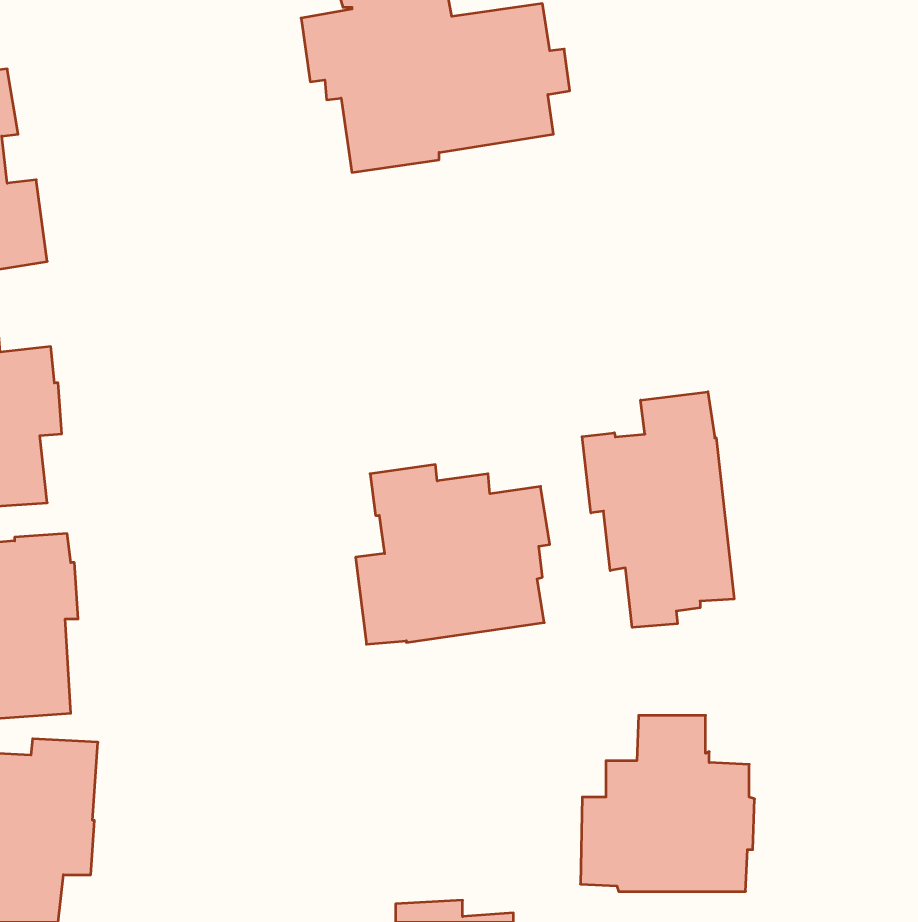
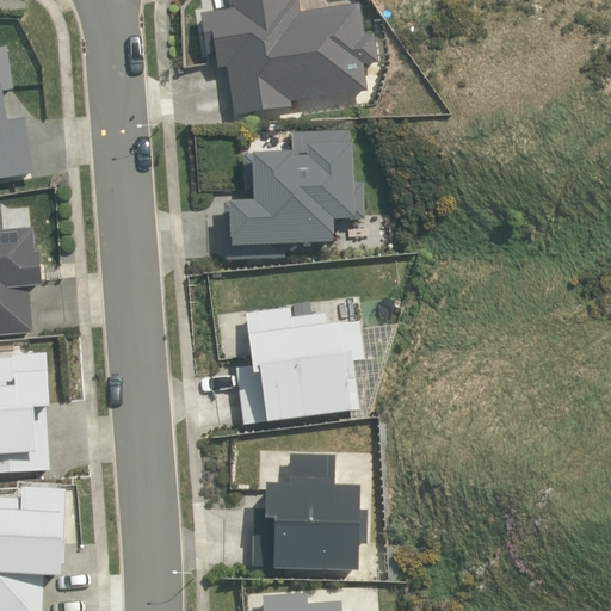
building: none -> [221,129,363,259]
building: [582,392,734,627] -> none
building: [580,715,755,891] -> [249,453,364,569]

